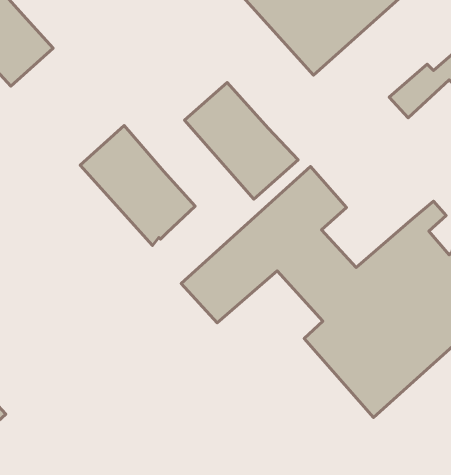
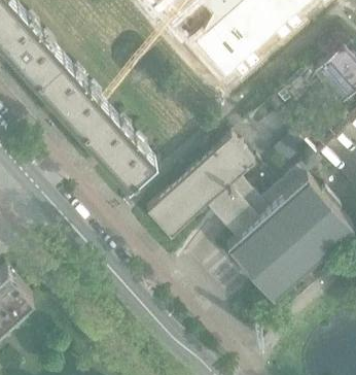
building: [184,82,298,199] -> [35,62,109,138]

